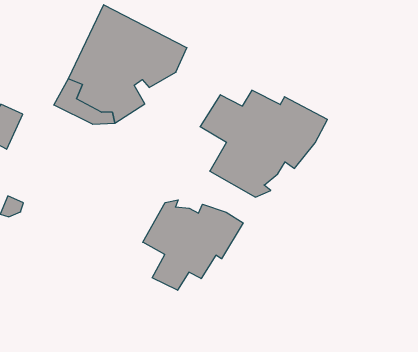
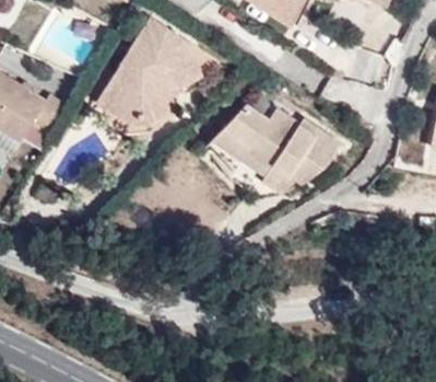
building: [143,200,243,290] -> none

